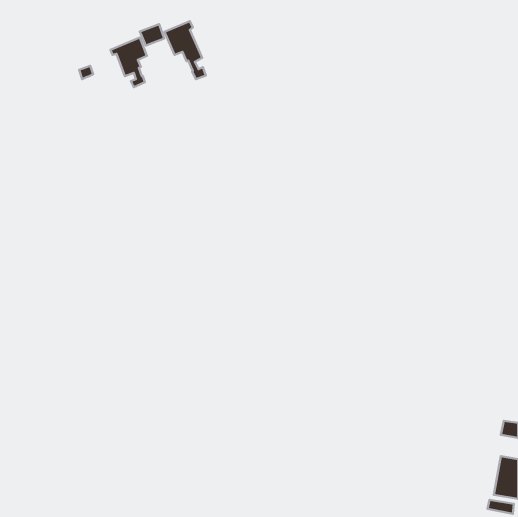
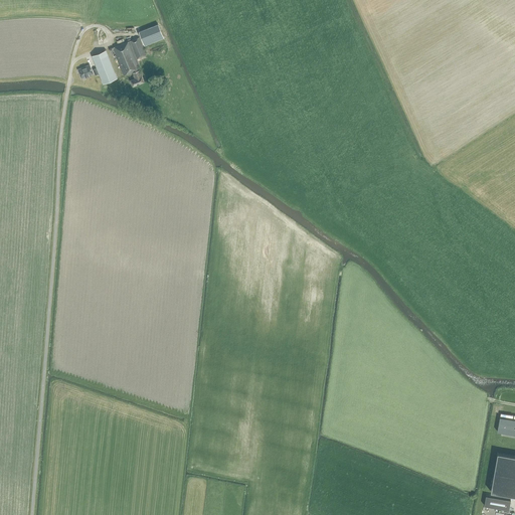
building: [165,21,206,79] -> none
building: none -> [92,51,117,84]

